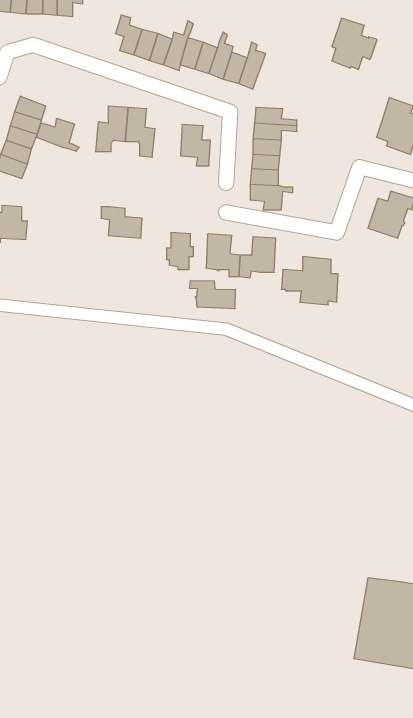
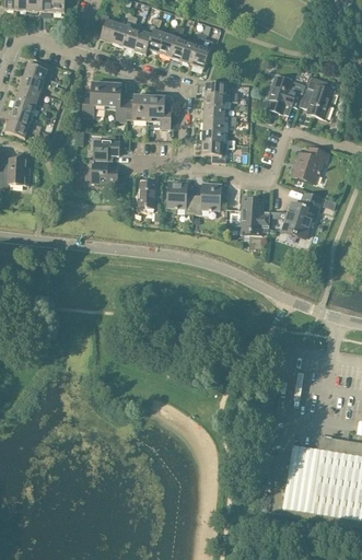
building: [332,18,377,69] -> [268,77,303,116]
building: [37,119,79,151] -> [24,60,57,85]
building: none -> [126,95,149,121]
building: none -> [93,135,119,161]
building: none -> [282,194,322,238]
building: [190,280,235,309] -> none

